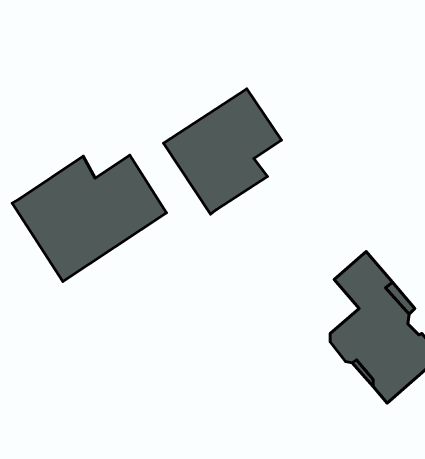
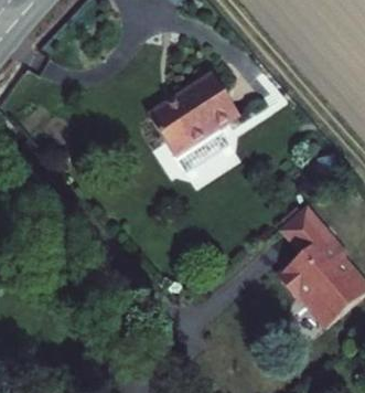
building: [12,155,166,282] -> none

